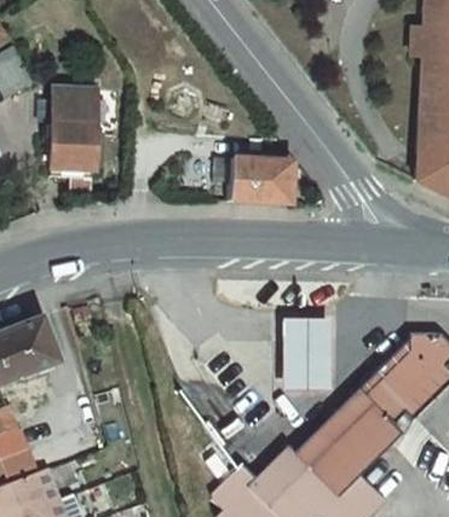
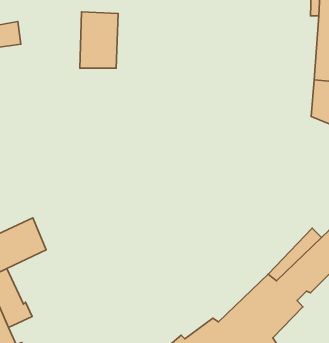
building: [53,101,103,174] -> [80,12,118,68]
building: [205,159,304,208] -> none
building: [282,314,333,389] -> none

